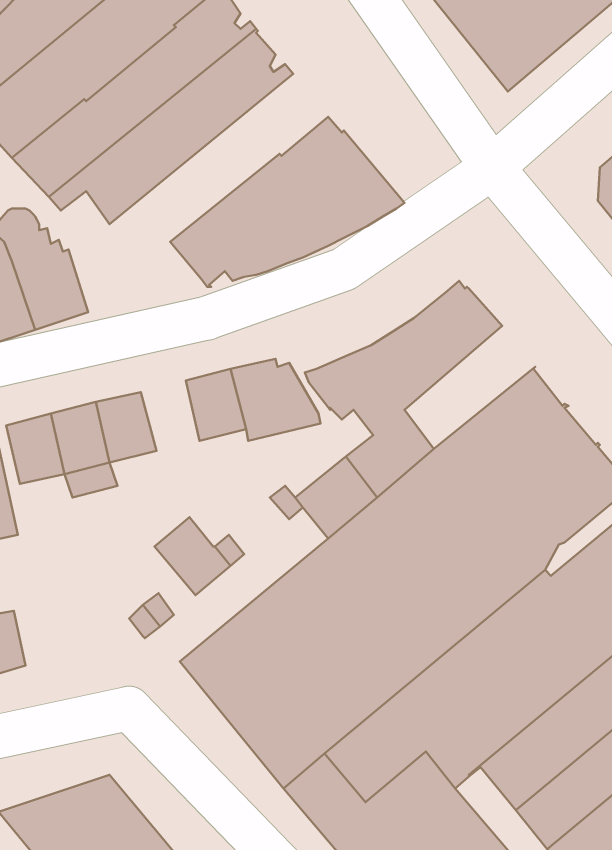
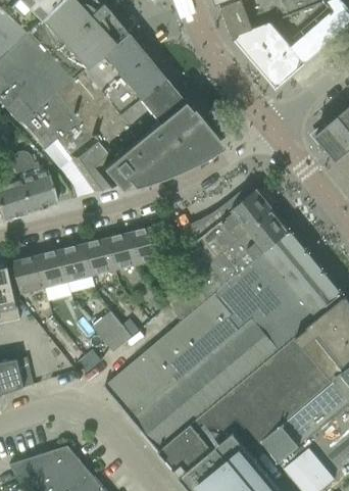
building: none -> [67,79,182,193]
building: none -> [221,210,290,275]
building: none -> [84,239,114,276]

